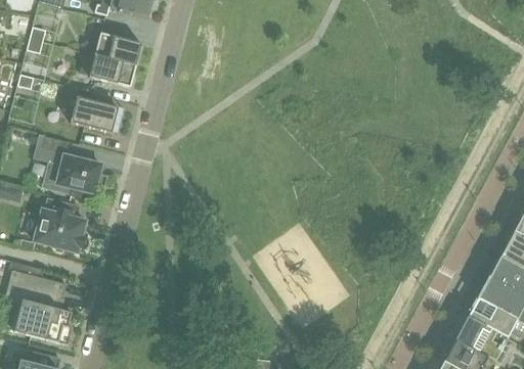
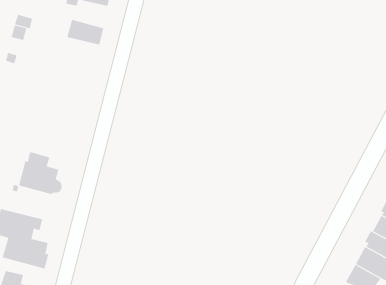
building: [79,52,136,87] -> none
building: [70,96,118,132] -> none
building: [41,135,107,198] -> none

